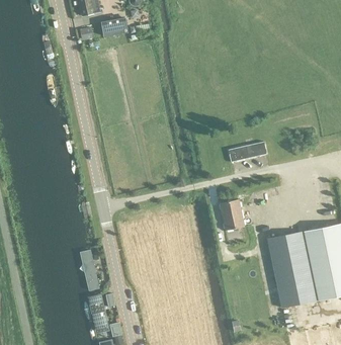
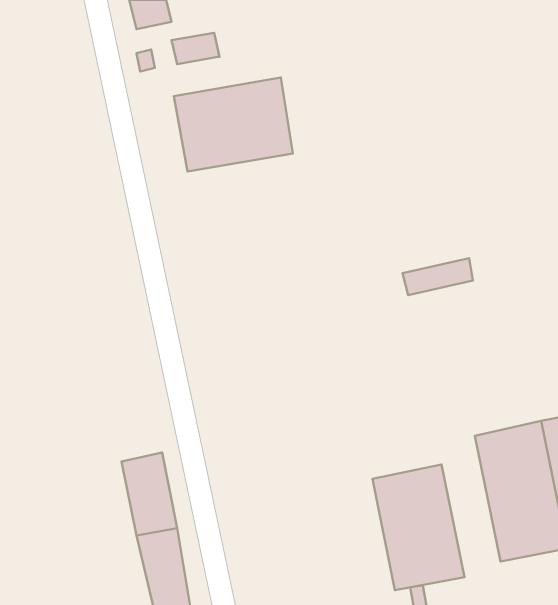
building: none -> [174,77,293,171]
building: [221,199,245,231] -> none
building: none -> [373,464,464,590]

